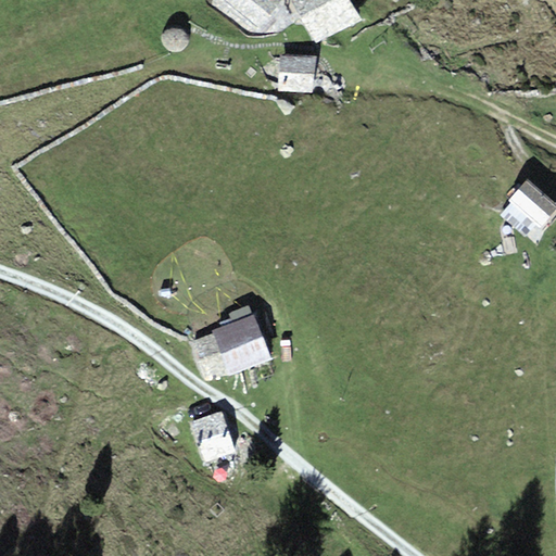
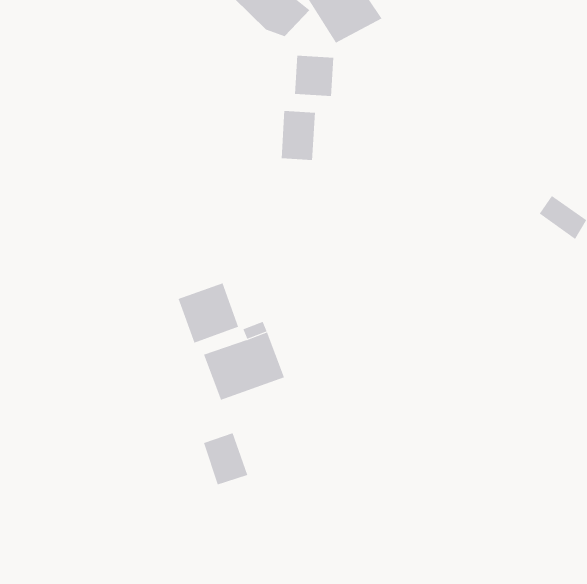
building: none -> [281,110,315,161]
building: none -> [178,282,239,343]

